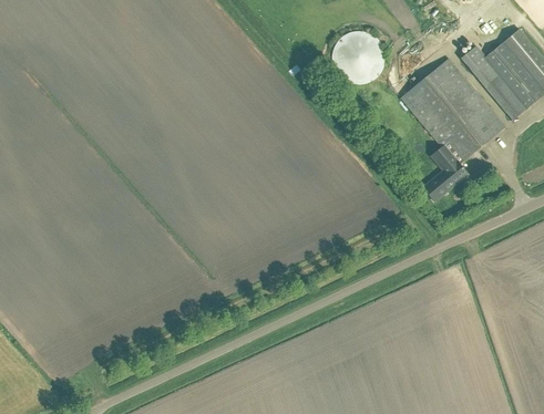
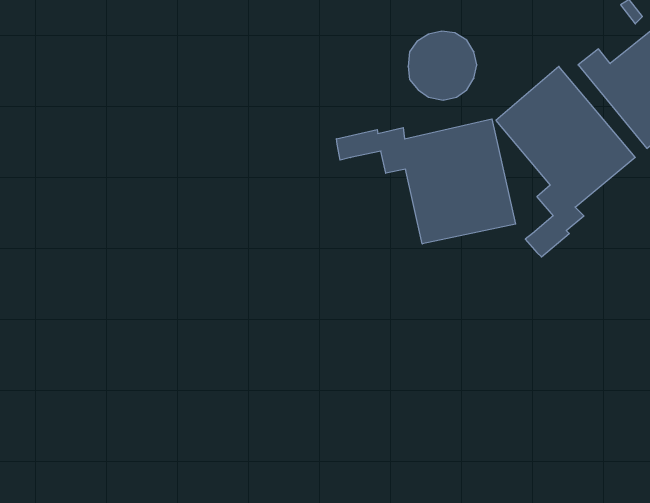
building: none -> [336,119,516,244]

